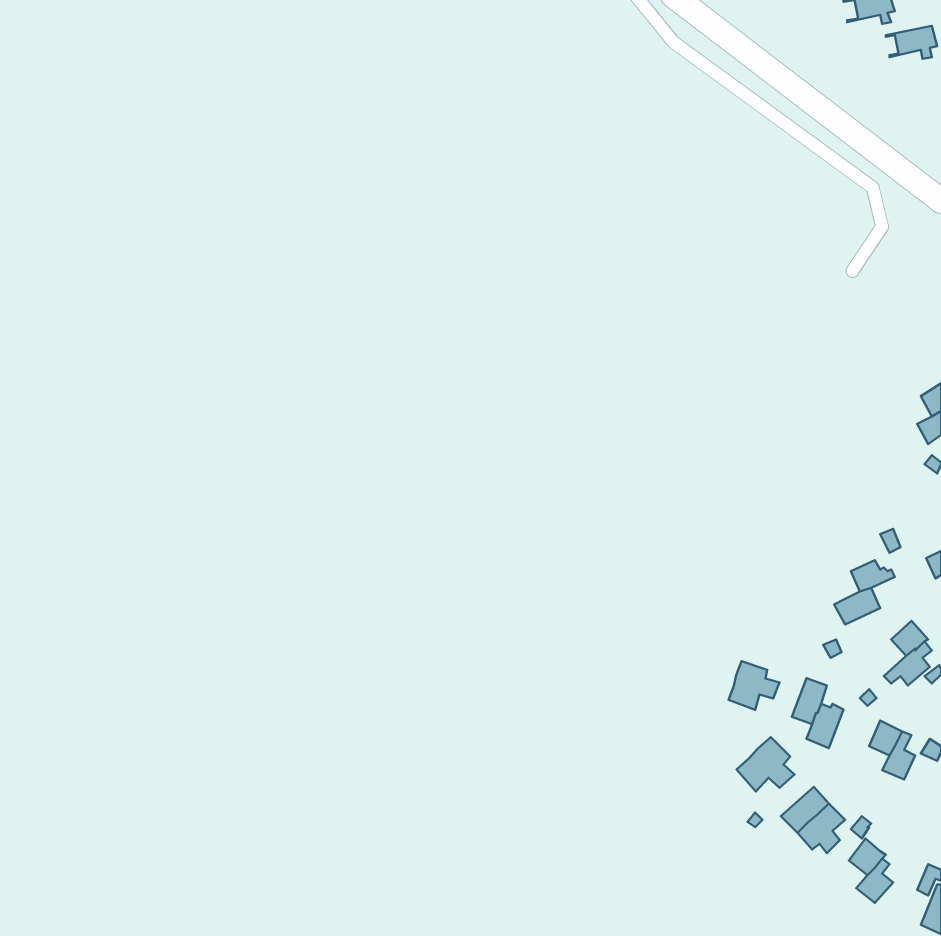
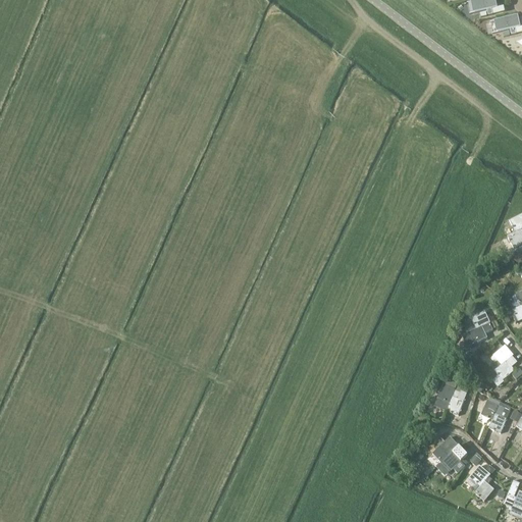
building: [728,661,779,710] -> none
building: [736,737,794,791] -> none

